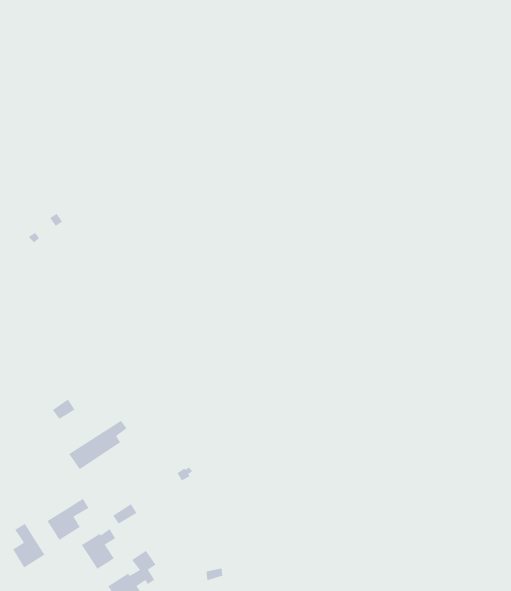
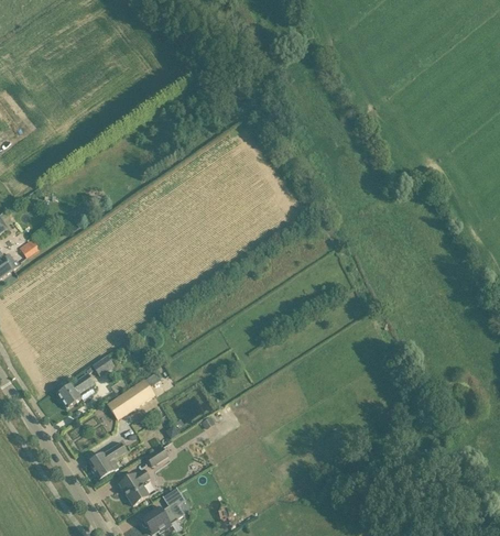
building: none -> [56,373,94,408]
building: [12,523,45,569] -> none

